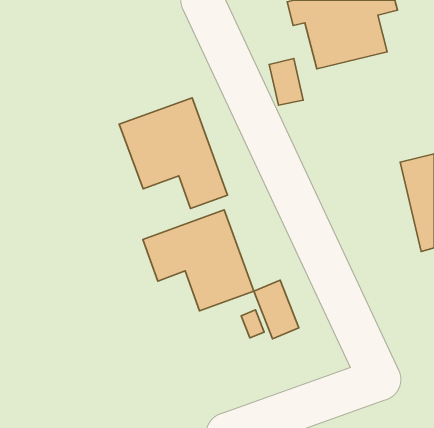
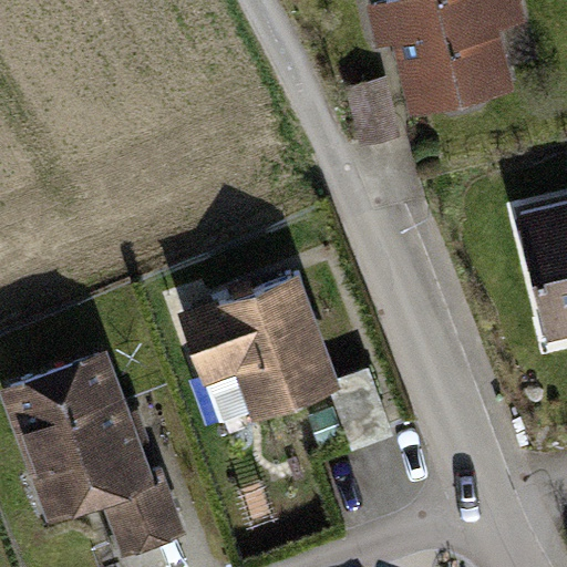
building: [119,98,228,209] -> none
building: none -> [11,360,183,555]

